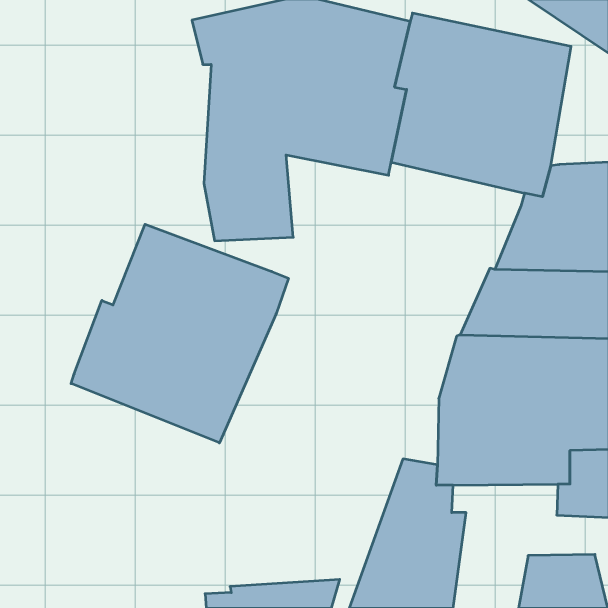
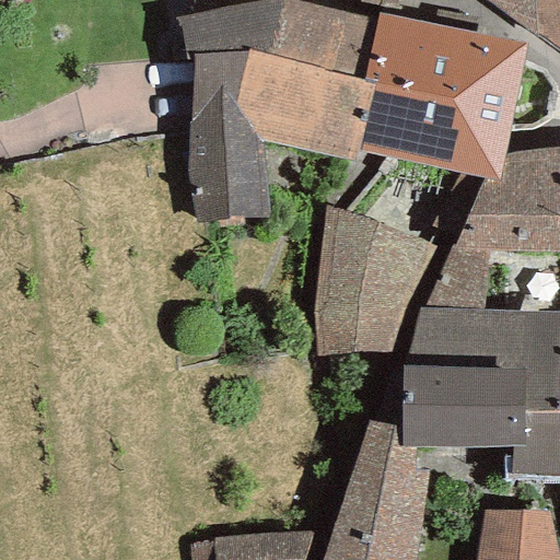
building: [71,224,288,443] -> none
building: none -> [320,231,418,366]

